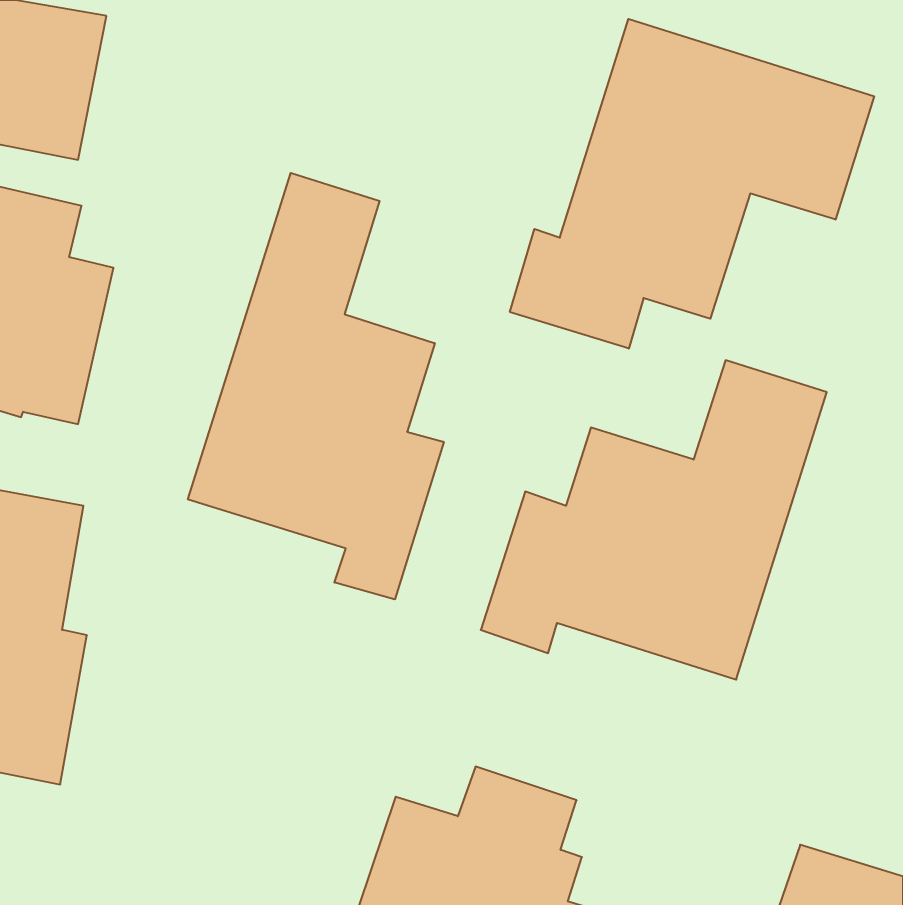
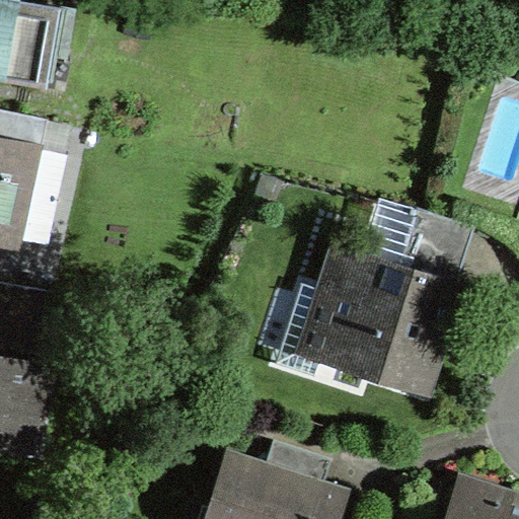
building: [510,19,874,349] -> none
building: [188,173,444,599] -> none

